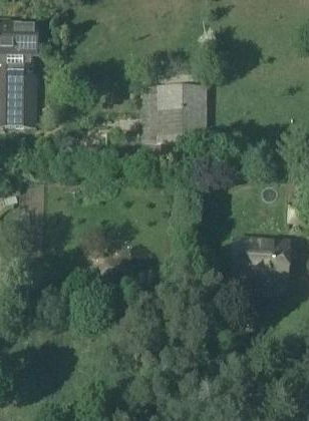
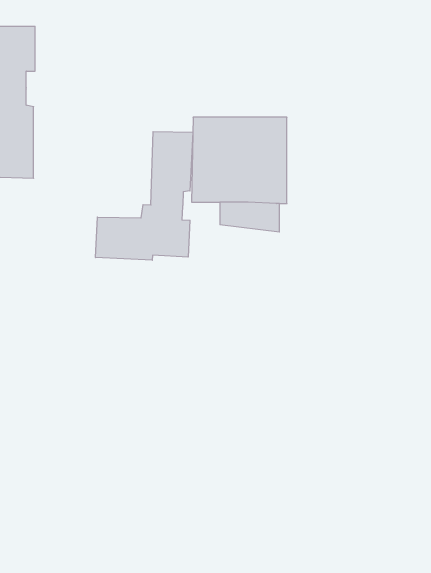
building: none -> [96,132,193,260]
building: [233,237,288,283] -> none

